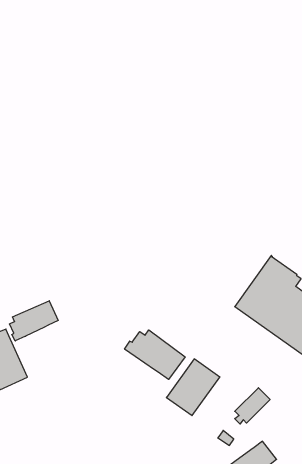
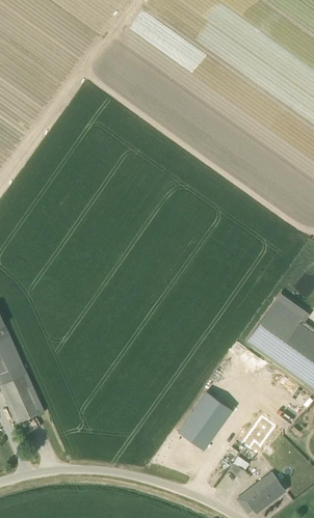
building: [10,301,58,341] -> none
building: [125,330,185,379] -> none

